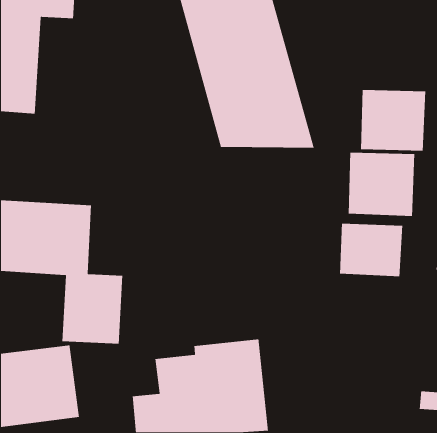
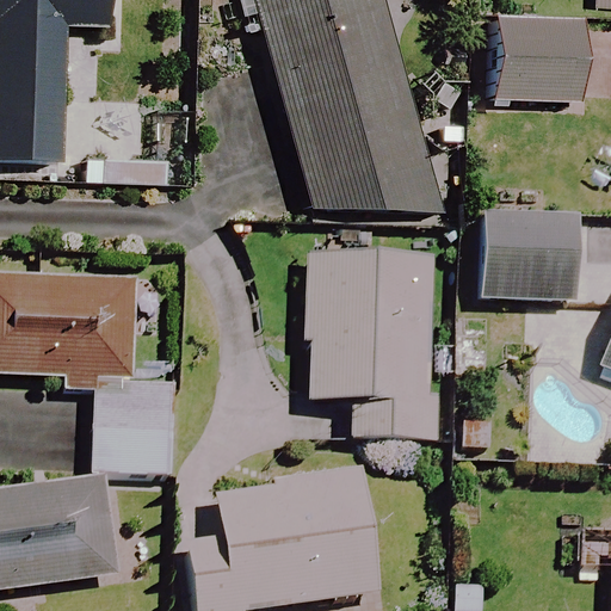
building: [360,89,426,151] -> [489,11,580,97]
building: none -> [310,254,434,438]
building: [339,223,403,277] -> none

